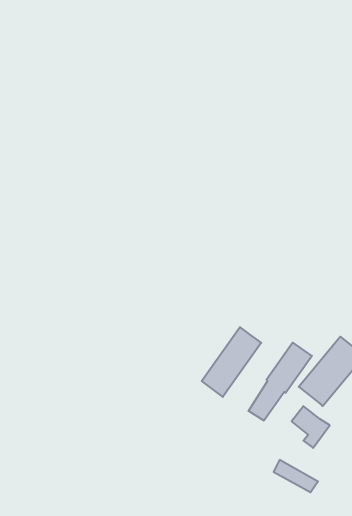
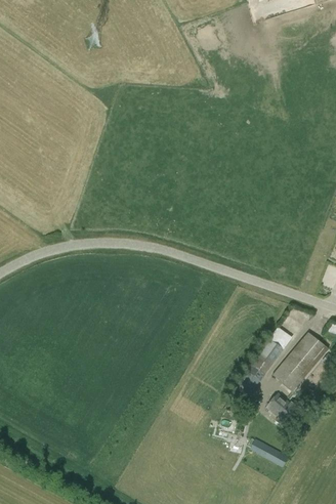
building: [202,327,261,397] -> none

